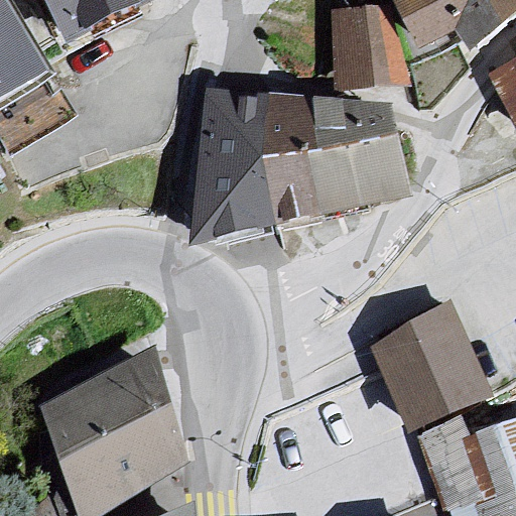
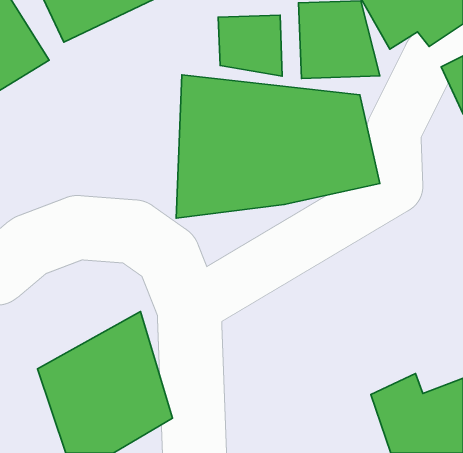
building: none -> [218,15,282,76]
building: [366,304,491,435] -> none

